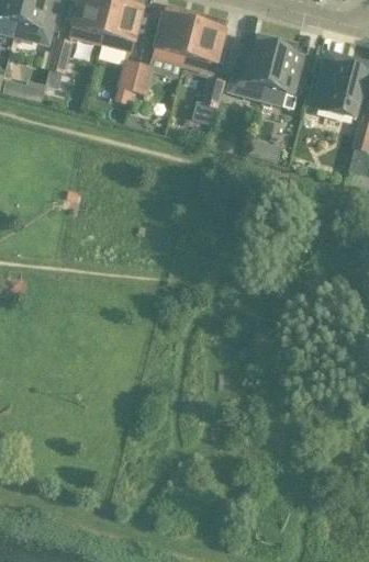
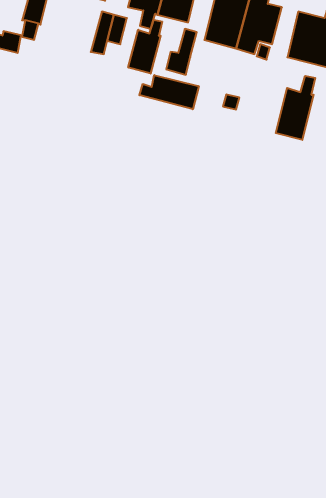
building: none -> [128,20,162,74]
building: none -> [139,75,199,109]
building: none -> [276,76,315,140]

